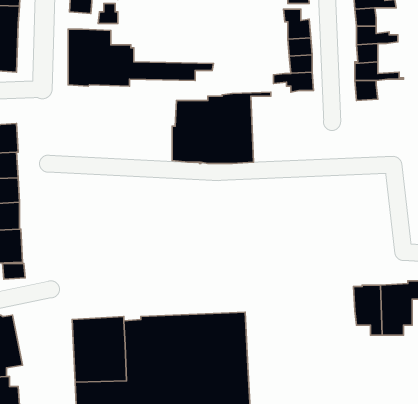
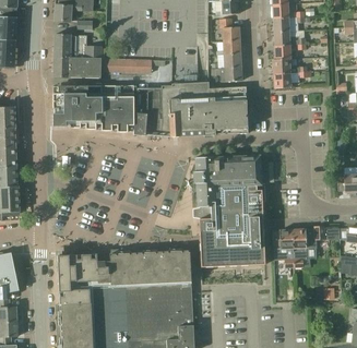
building: none -> [52,85,133,132]
building: none -> [193,85,248,135]
building: none -> [193,155,264,267]

